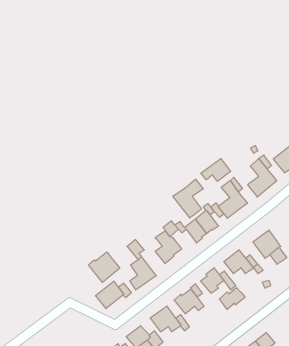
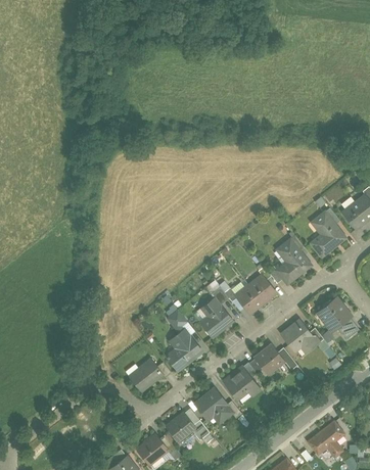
building: [201,159,231,181] -> none
building: [173,179,203,218] -> none
building: [89,252,120,283] -> none
building: [219,288,245,309] -> none

